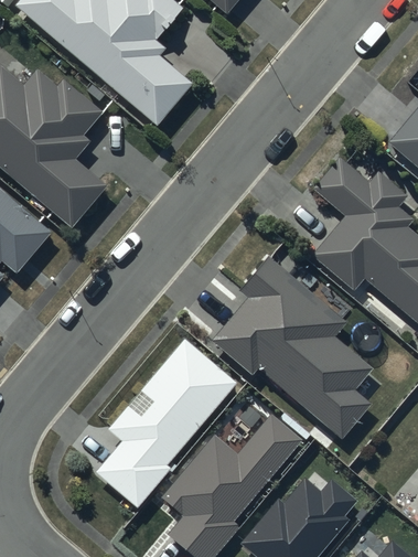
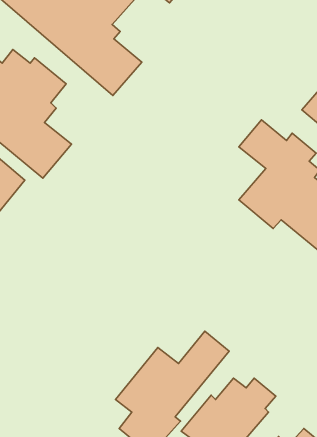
building: [215,257,373,437] -> none
building: [97,341,237,508] -> none

